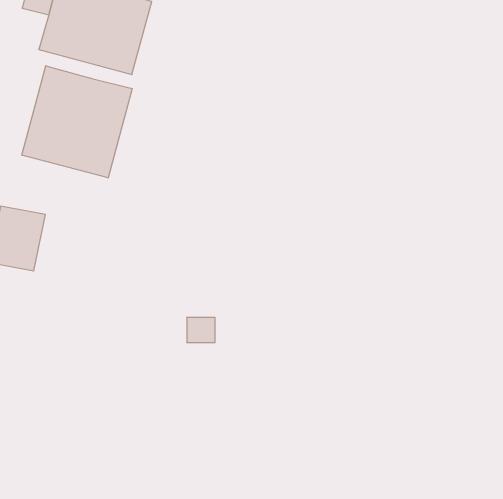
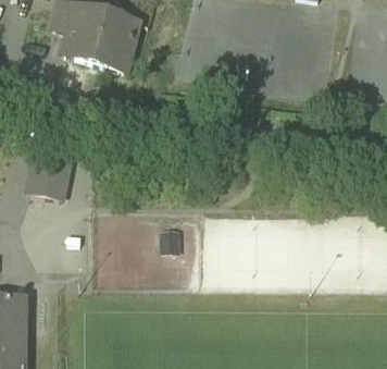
building: [22,66,132,178] -> none

